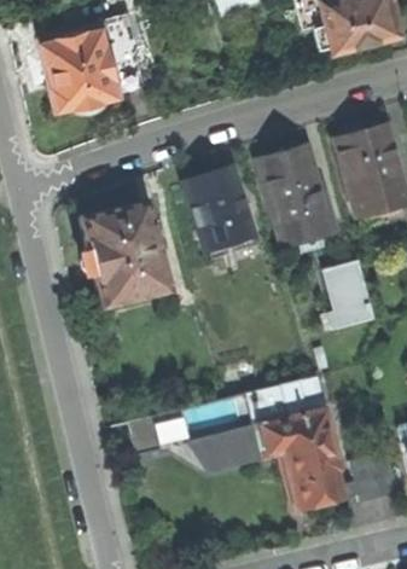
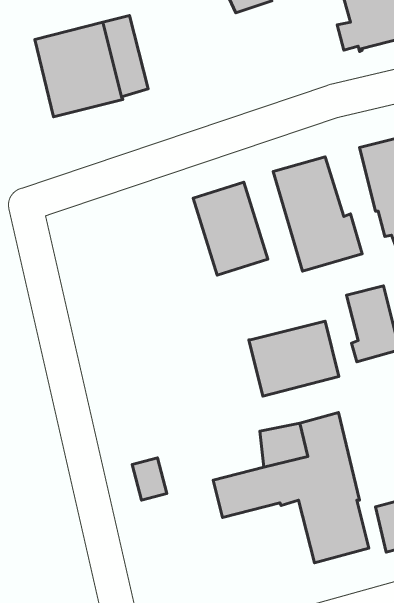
building: [81,203,168,308] -> none
building: none -> [249,321,339,396]

